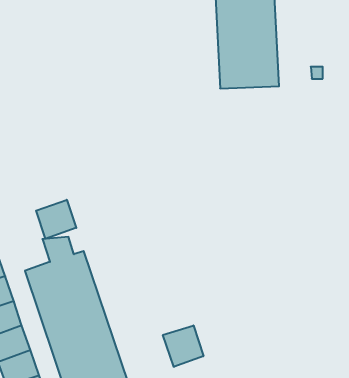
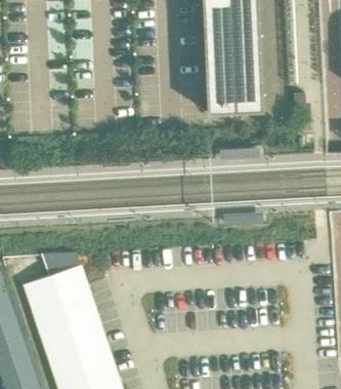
building: [36,200,76,239] -> none
building: [163,325,203,367] -> none

